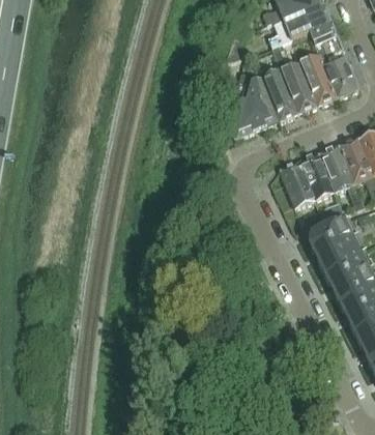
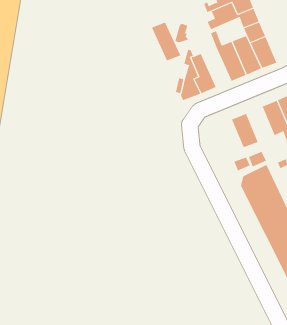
building: [262,68,300,119] -> [151,22,181,61]
building: [320,144,366,208] -> none
building: [279,161,316,206] -> none

